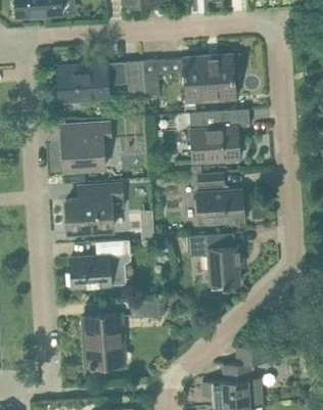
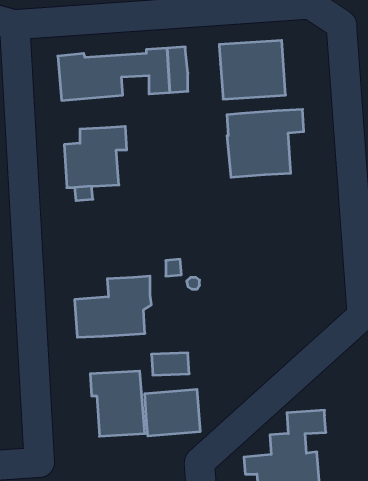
building: [196,173,243,224] -> none
building: [65,184,123,232] -> none
building: [186,233,242,286] -> none
building: none -> [145,389,200,436]

